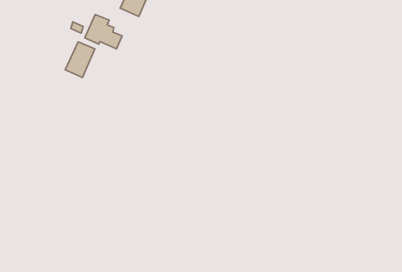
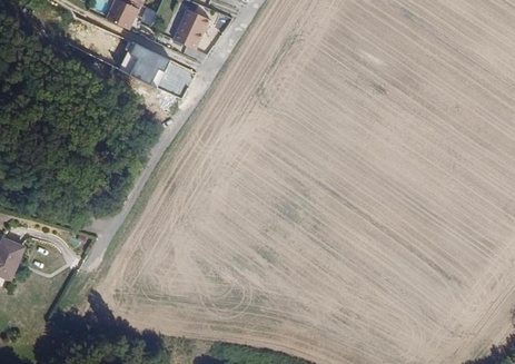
building: [65,42,95,78] -> none

